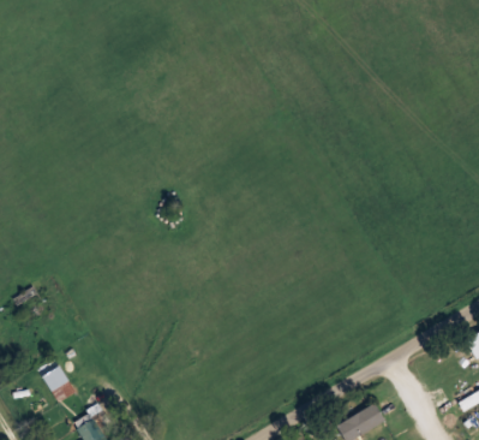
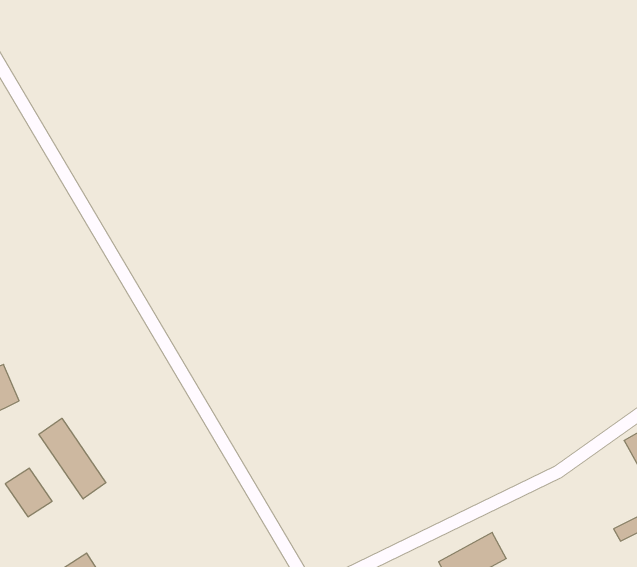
building: none -> [39,418,106,499]

